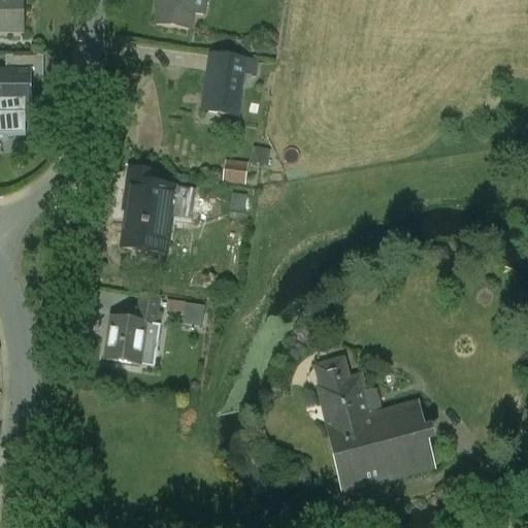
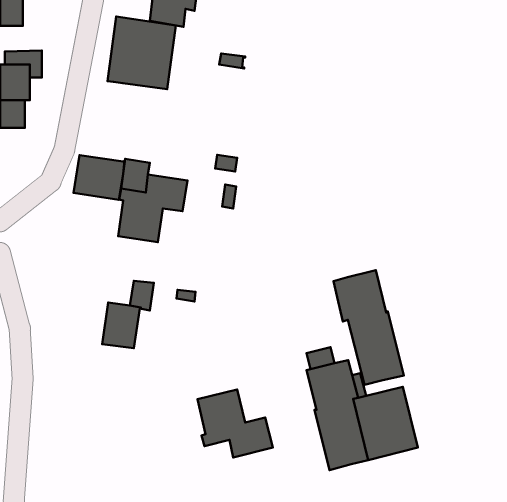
building: none -> [107,17,176,89]
building: [203,69,240,113] -> none
building: none -> [73,155,125,200]
building: none -> [334,270,404,385]
building: none -> [197,390,273,457]

